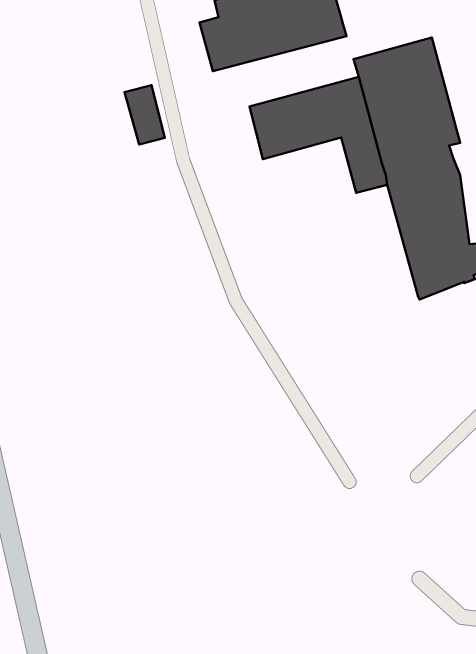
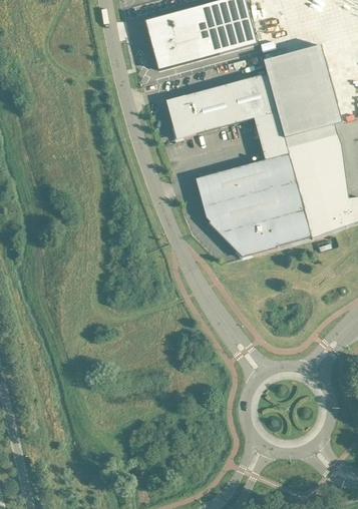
building: [124,85,165,145] -> [166,94,197,138]
building: none -> [197,152,312,257]

